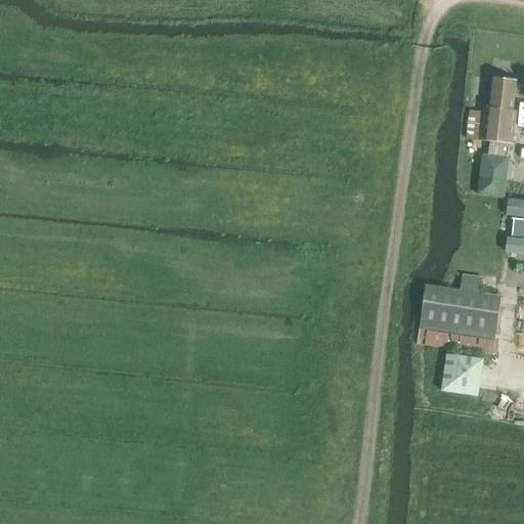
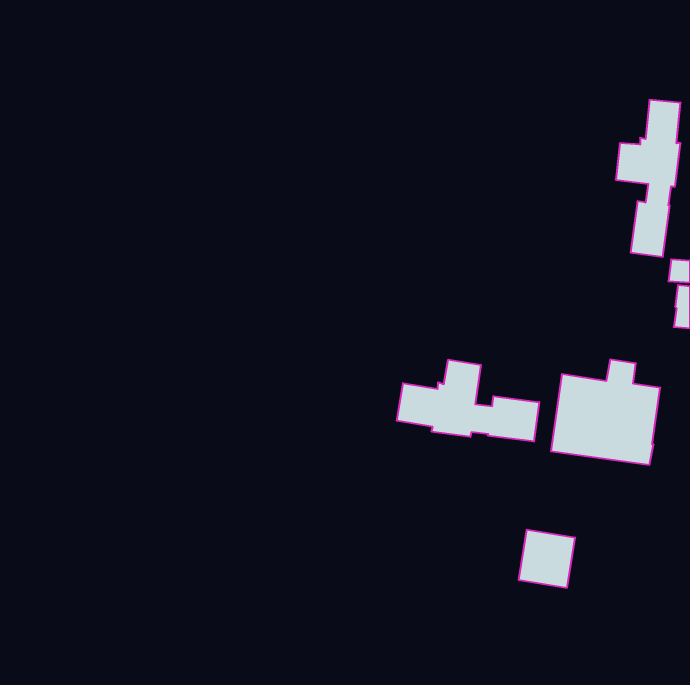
building: none -> [397,360,539,442]
building: [441,351,484,395] -> [519,530,575,588]

